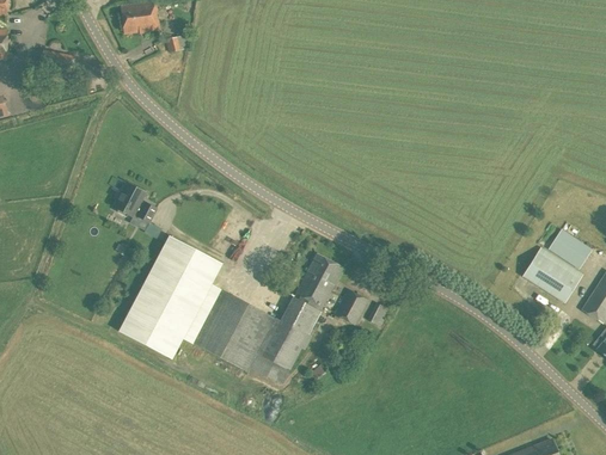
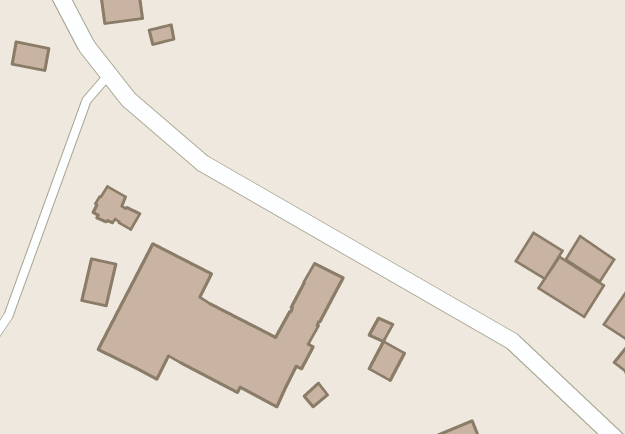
building: none -> [516,233,562,279]
building: none -> [82,259,116,306]
building: [335,289,367,325] -> [369,342,404,381]

